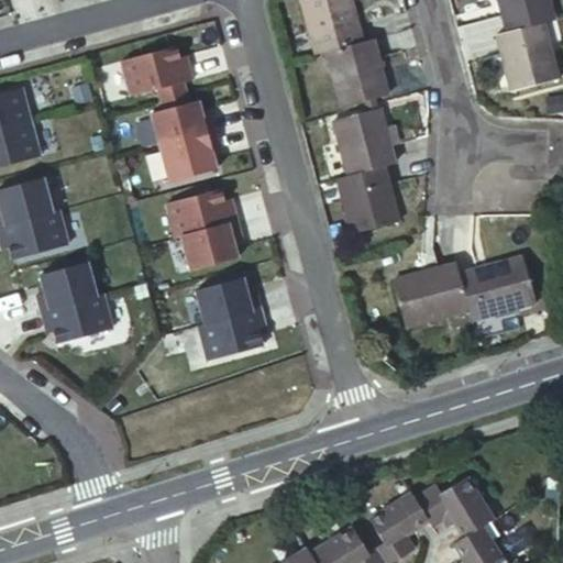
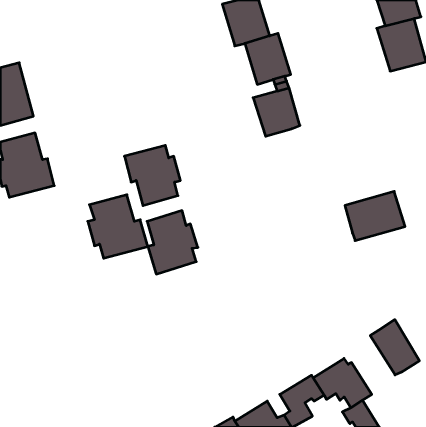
building: [121,51,189,97] -> none
building: [148,103,217,181] -> none
building: [339,169,404,240] -> none
building: [38,258,118,342] -> [88,195,148,258]
building: [391,260,465,323] -> none
building: none -> [370,320,419,375]

